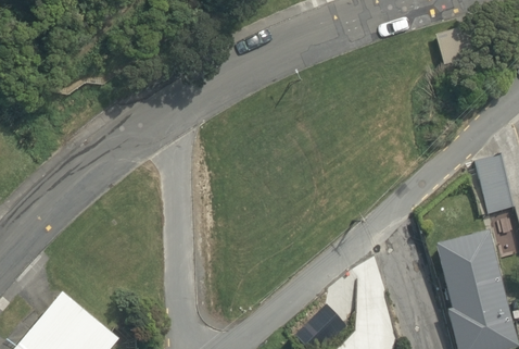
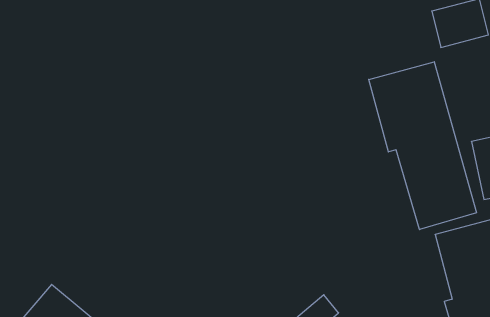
building: none -> [369,62,477,230]

